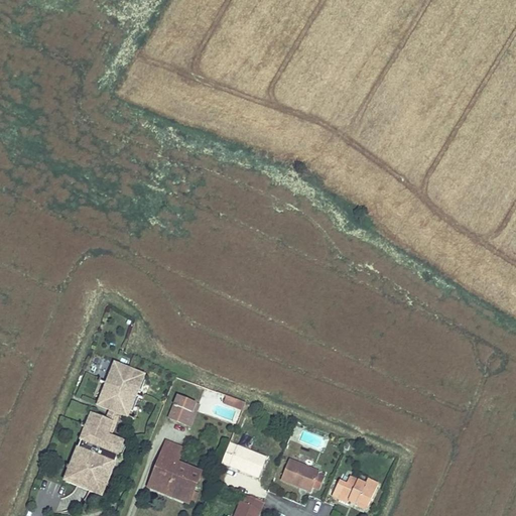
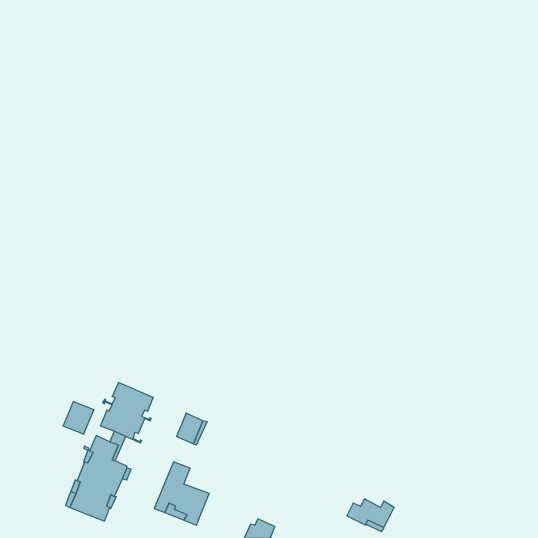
building: none -> [63,401,94,434]
building: [221,440,265,474] -> none
building: [279,459,316,488] -> none

